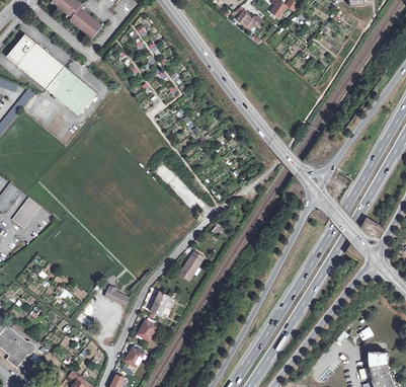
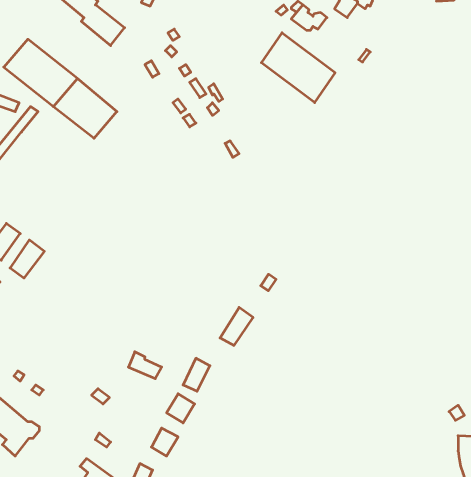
building: none -> [261,33,335,103]

